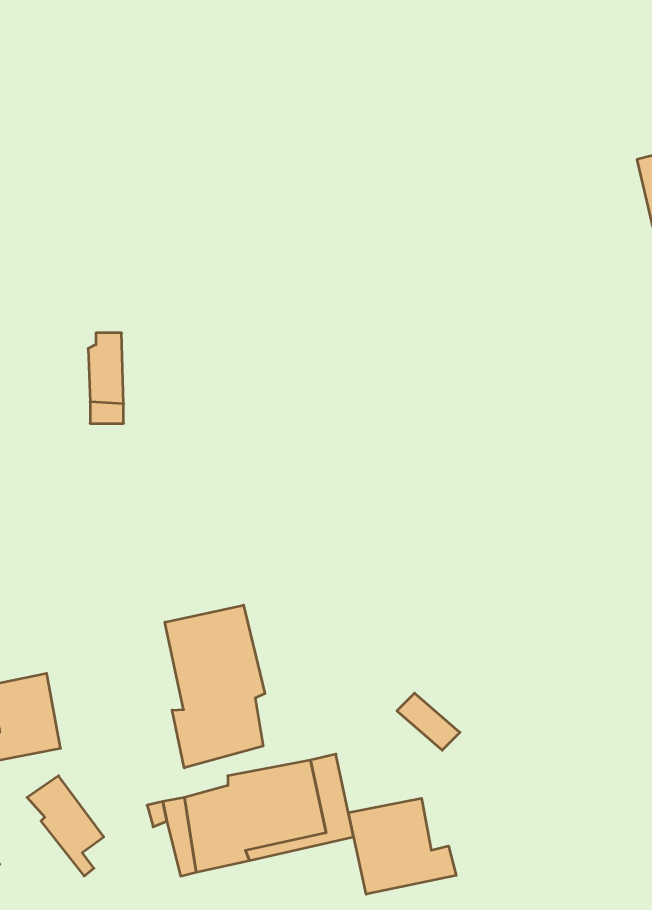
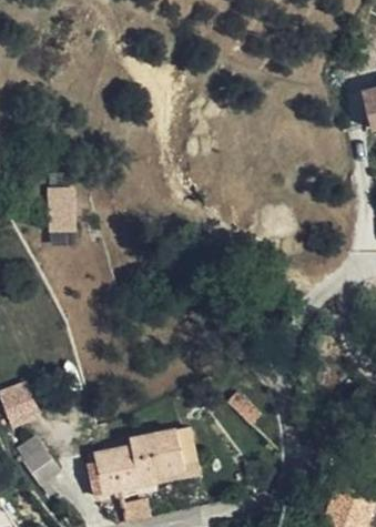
building: [165,605,265,768] -> none
building: [349,798,456,894] -> none

